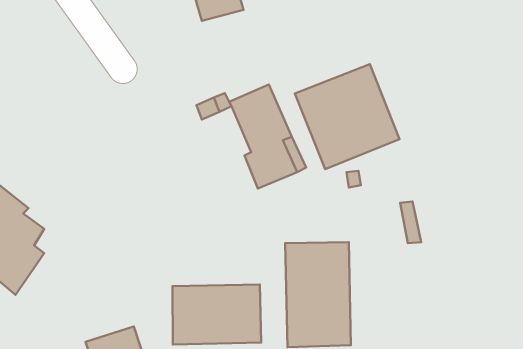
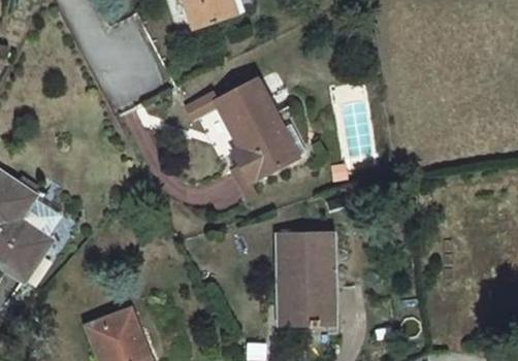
building: [295,64,400,169] -> none
building: [172,284,261,345] -> none

